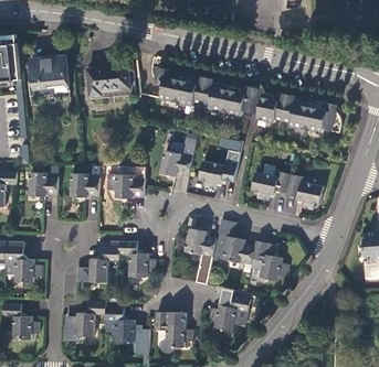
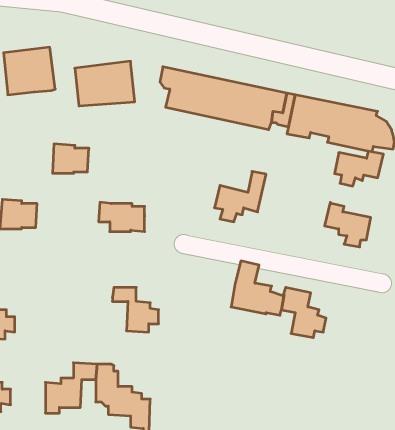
building: [160,132,197,176] -> none
building: [252,172,291,199] -> [335,151,383,186]
building: [71,173,99,196] -> [53,144,89,173]
building: [185,229,215,284] -> none
building: [76,240,119,282] -> none
building: [208,288,251,331] -> none
building: [155,311,191,347] -> none

